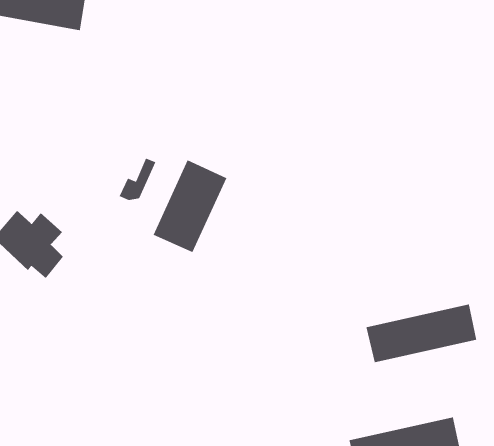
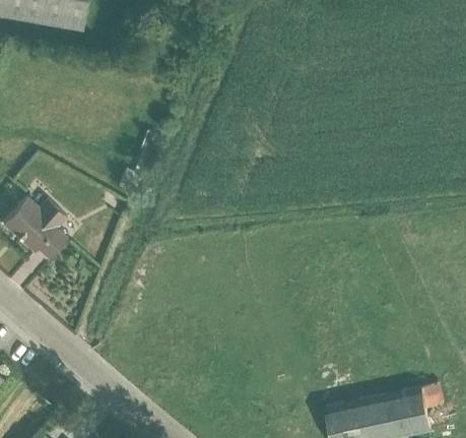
building: [152,159,227,253] -> none
building: [366,304,477,363] -> none

